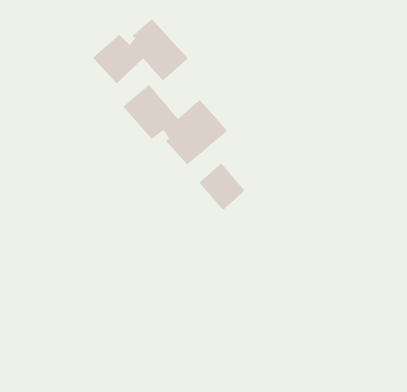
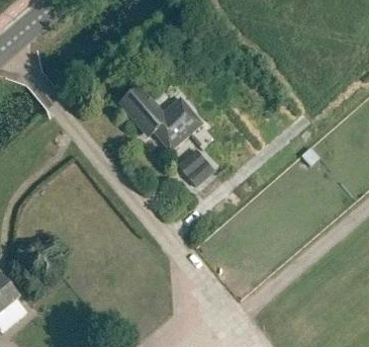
building: [92,18,189,84] -> none

